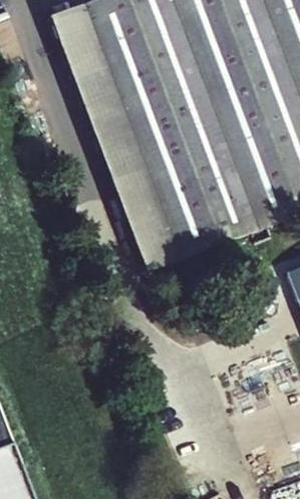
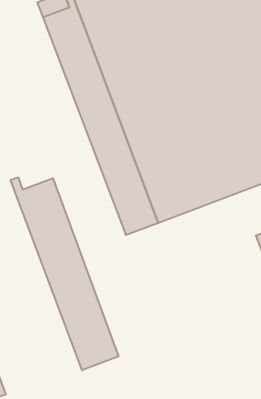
building: none -> [11,177,119,370]

